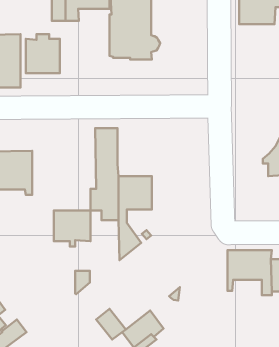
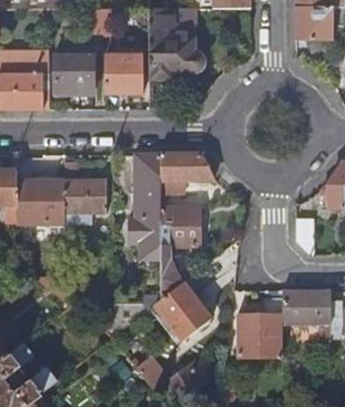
building: none -> [107,48,143,92]
building: none -> [158,154,211,194]
building: [54,210,91,246] -> [63,179,104,220]
building: none -> [154,284,210,341]
building: none -> [236,297,281,357]

